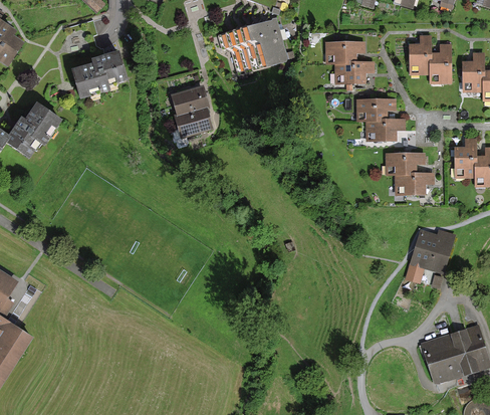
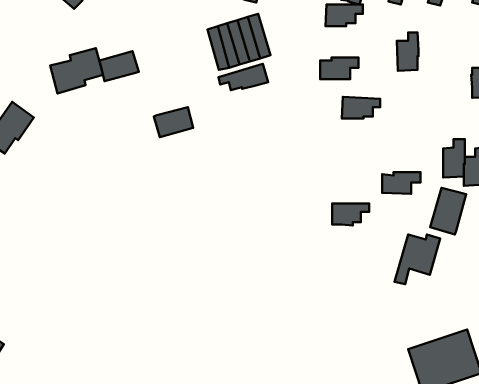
building: [326,42,362,63] -> [325,5,363,26]
building: [430,45,450,81] -> none
building: [463,53,483,89] -> none
building: none -> [219,64,268,90]
building: [172,87,210,117] -> [99,51,139,81]
building: [366,118,404,139] -> none
building: [387,154,423,175] -> [332,204,369,225]
building: none -> [430,188,466,235]

